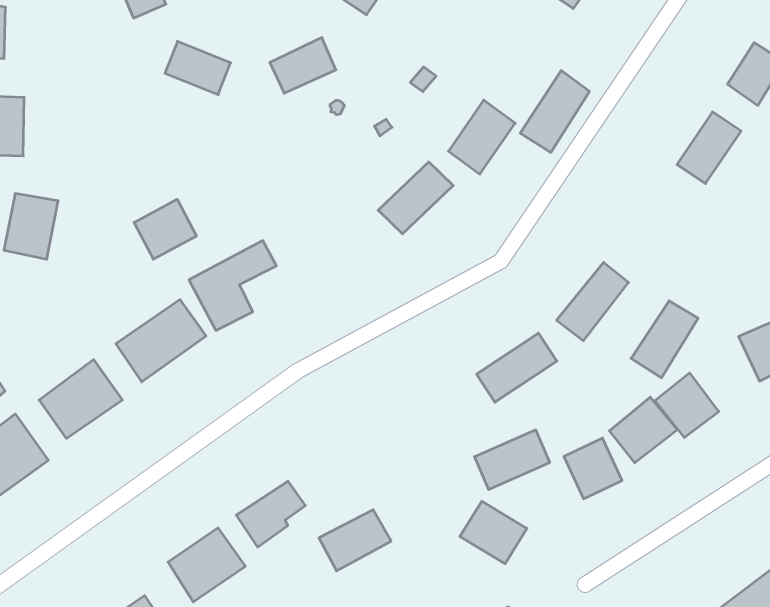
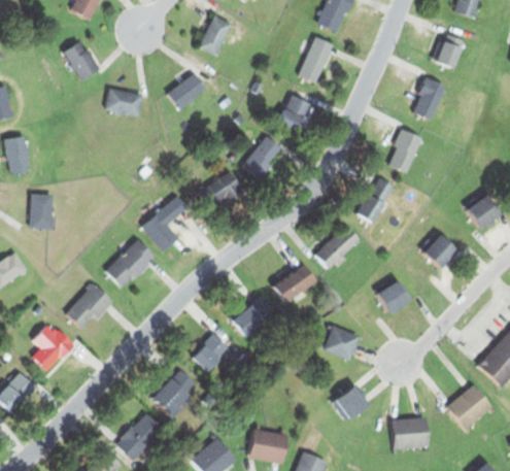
building: [520,71,589,152] -> [297,35,333,83]
building: [134,199,196,259] -> none
building: none -> [199,171,242,209]
building: [631,301,698,378] -> [386,130,421,175]
building: [609,397,677,463] -> none
building: [474,430,550,489] -> [272,263,316,302]
building: [319,510,391,571] -> [231,298,273,337]

